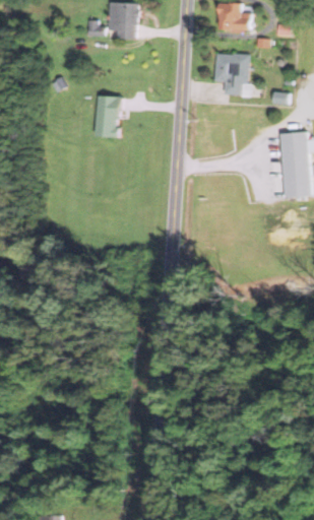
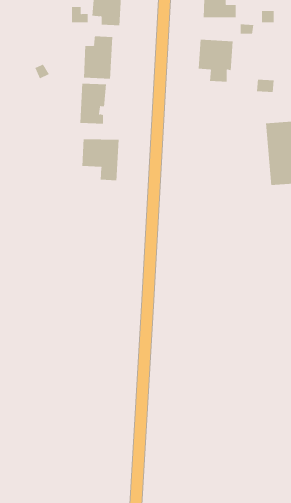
building: none -> [83,35,113,79]
building: none -> [82,139,119,181]

